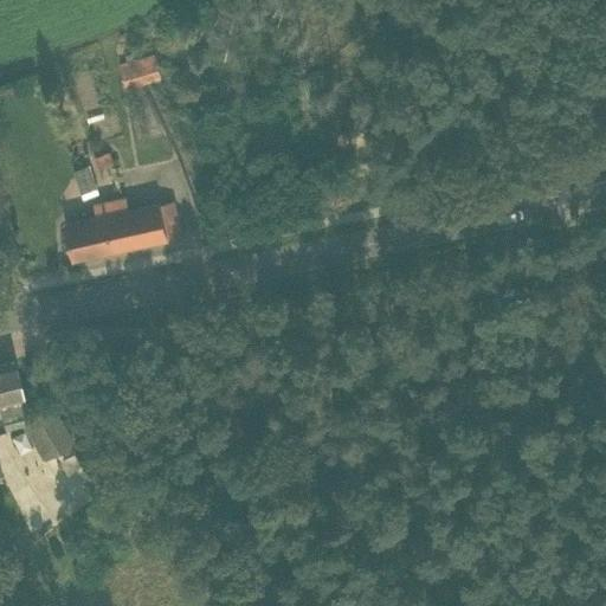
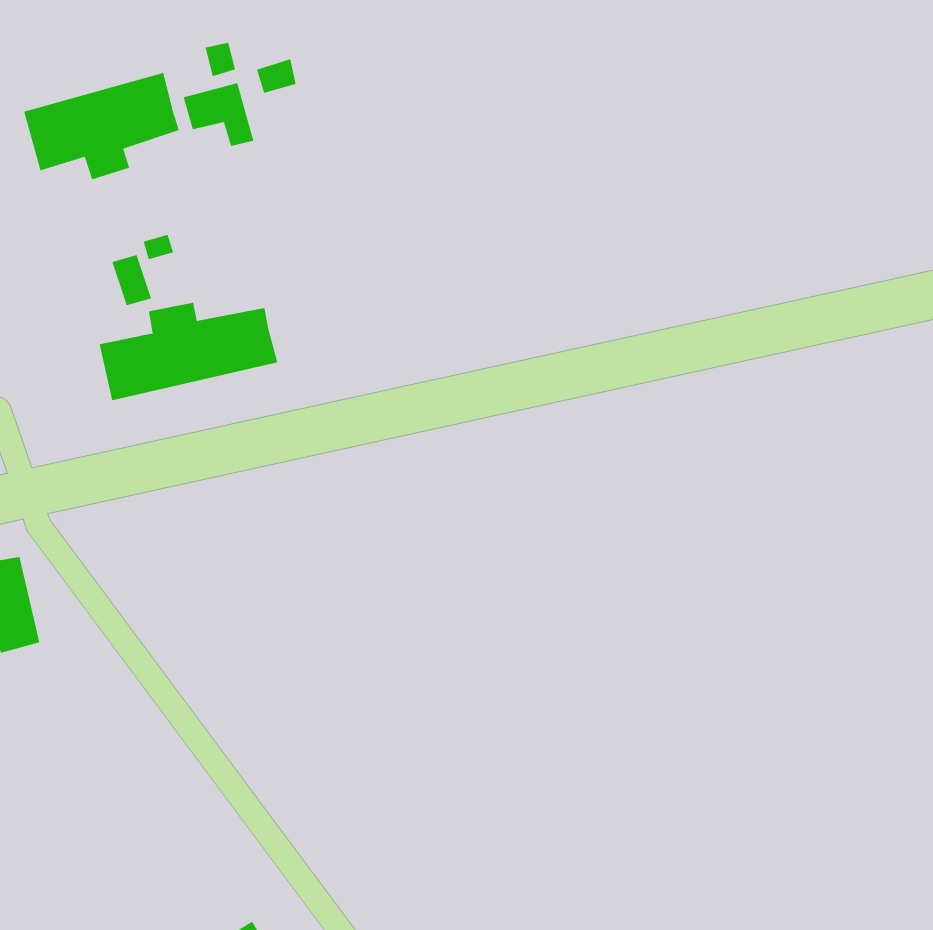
building: none -> [23,72,180,180]
building: [22,411,71,462] -> none

